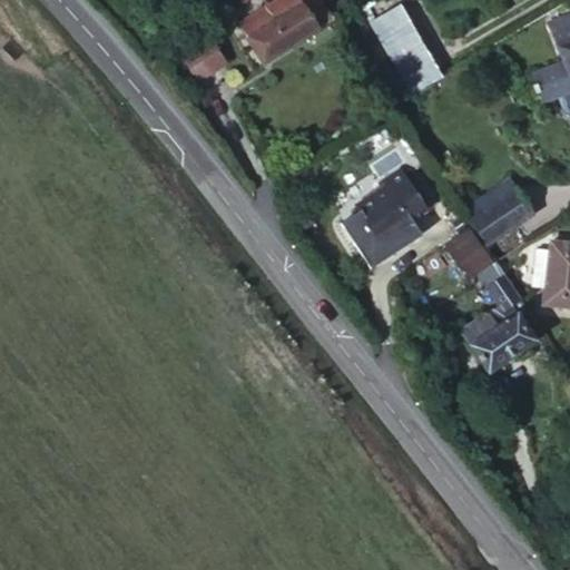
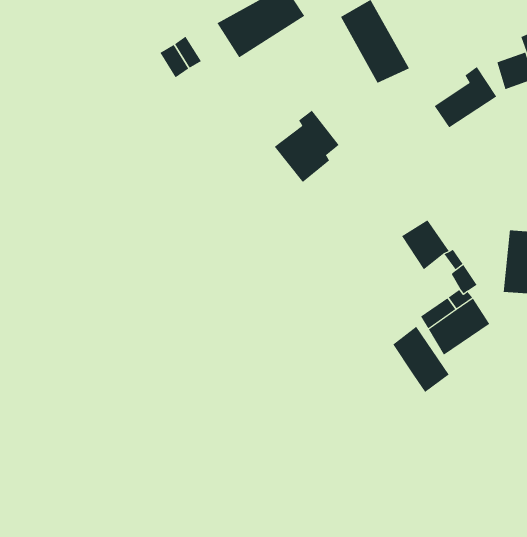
building: [347,177,416,254] -> [274,110,339,183]
building: [466,184,533,249] -> [434,66,497,128]
building: none -> [393,326,450,393]

